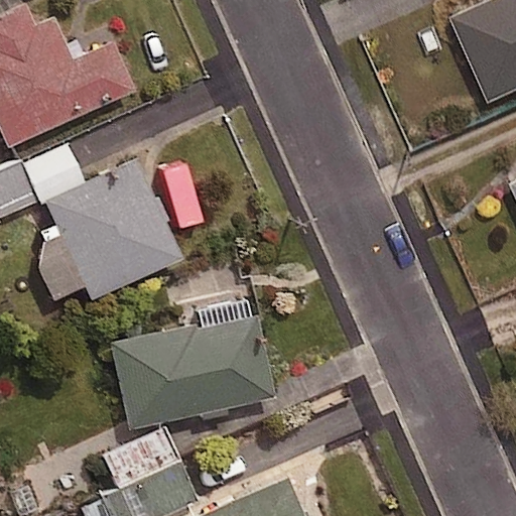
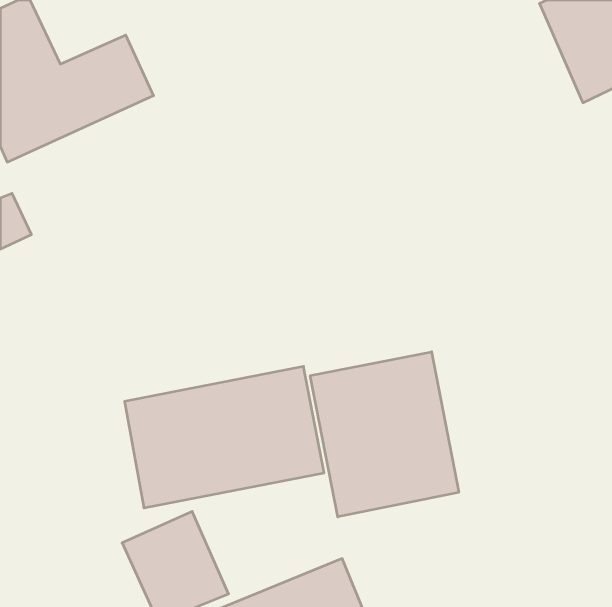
building: [39,159,176,299] -> none
building: none -> [310,352,459,517]

